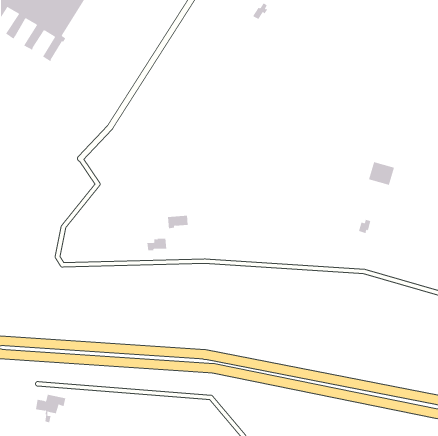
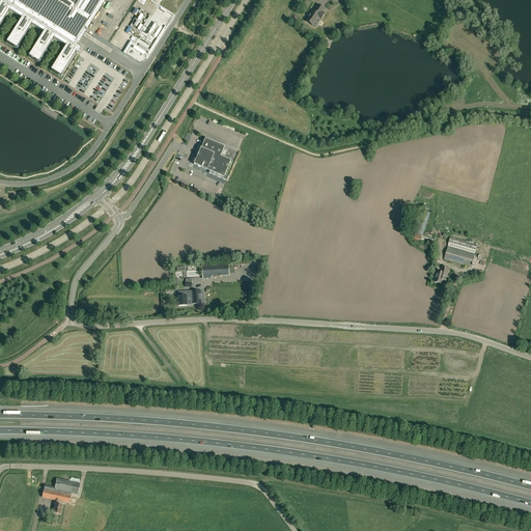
building: none -> [194,137,234,178]
building: [368,162,395,185] -> [444,235,476,264]

